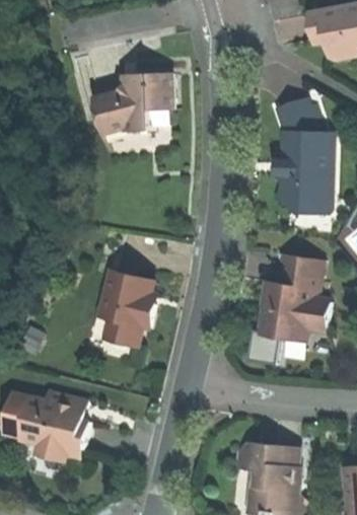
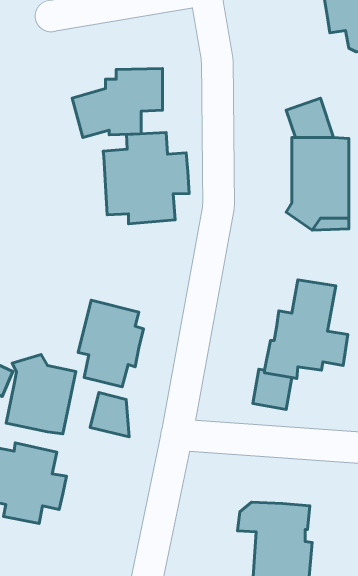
building: none -> [103,132,189,224]
building: none -> [6,355,76,434]
building: none -> [90,392,129,437]

